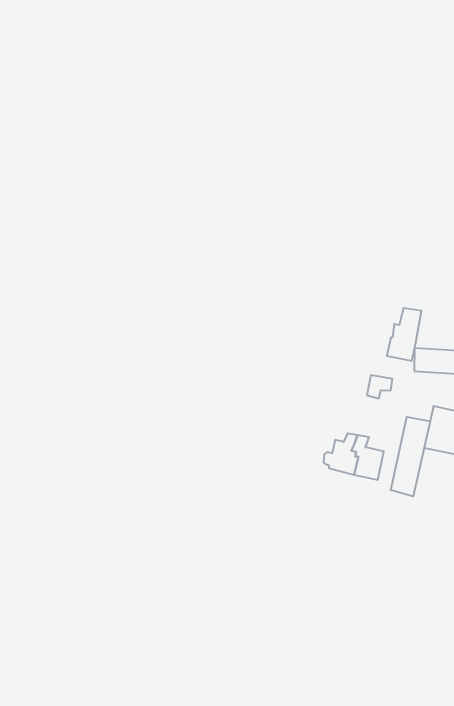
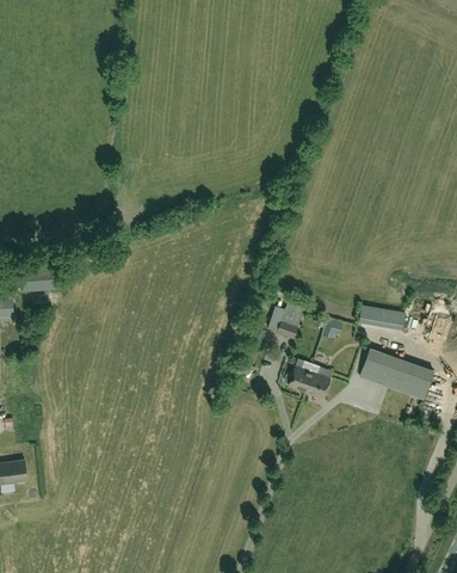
building: [387,308,422,361] -> [274,298,304,338]
building: [391,417,430,497] -> none

